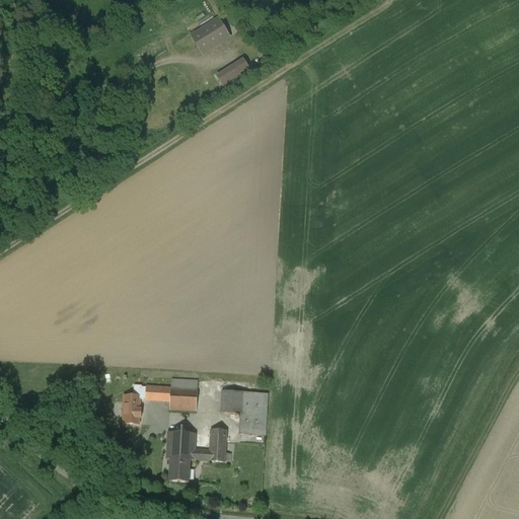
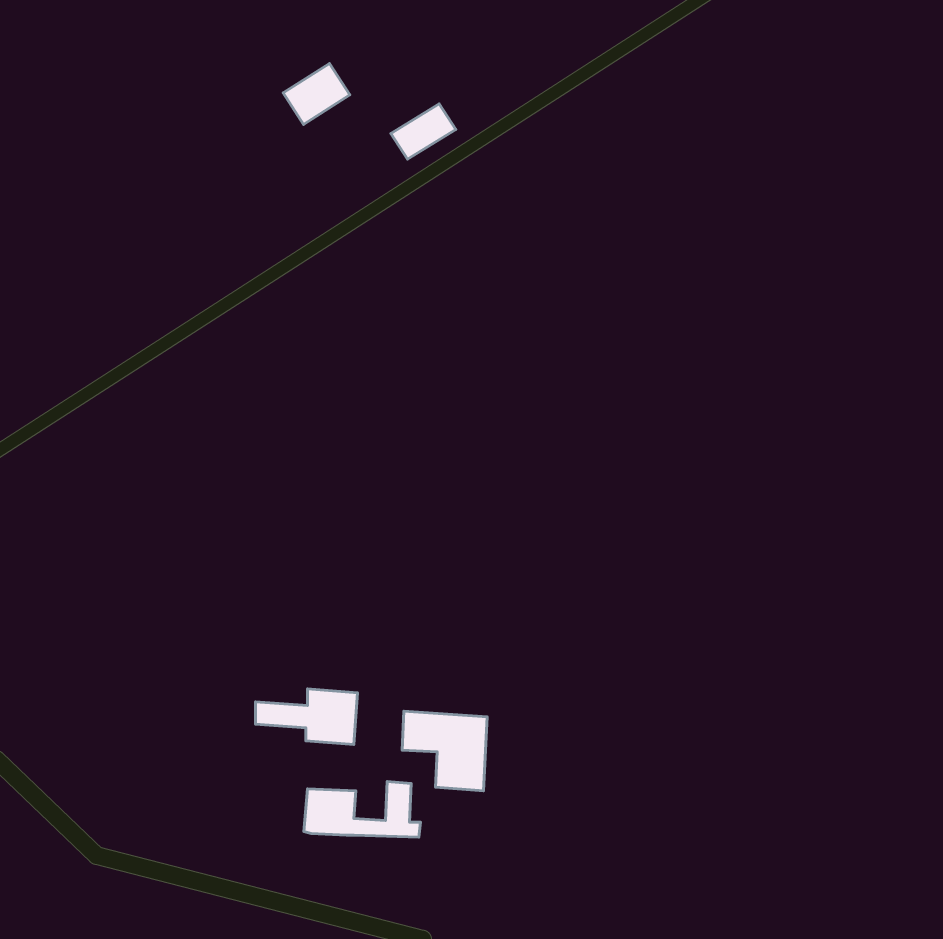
building: [190,17,226,51] -> [283,63,350,124]
building: [123,392,140,422] -> none
building: [169,456,190,478] -> none

